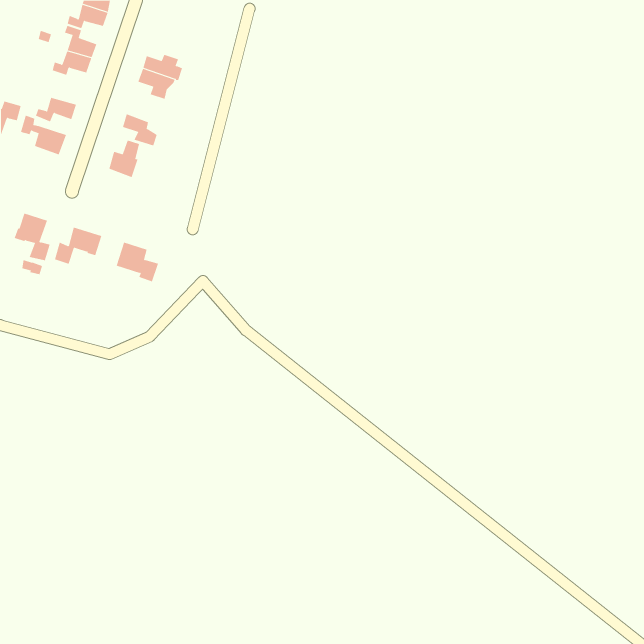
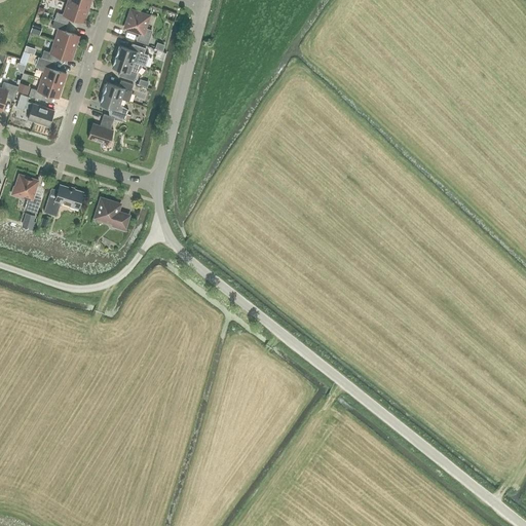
building: none -> [125,10,151,42]
building: none -> [36,58,67,85]
building: none -> [103,80,134,102]

